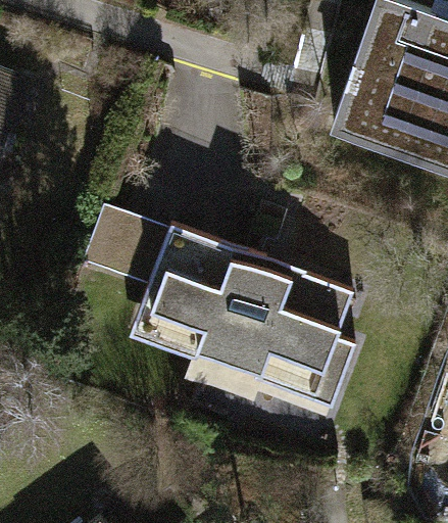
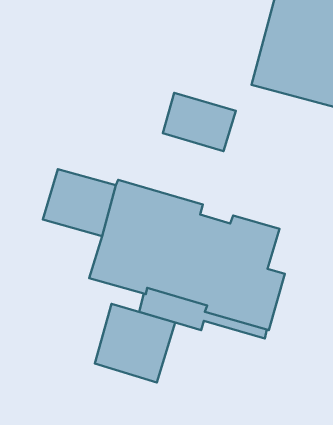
building: none -> [163,93,236,151]
building: none -> [95,304,175,382]

